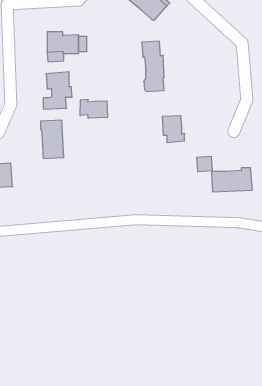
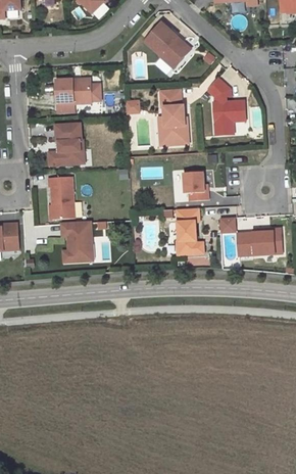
building: none -> [207,78,245,135]
building: [80,99,107,118] -> none
building: none -> [176,207,199,254]
building: none -> [61,222,93,262]

